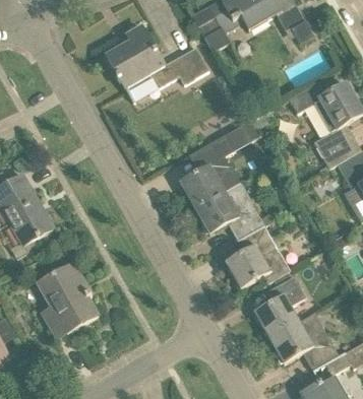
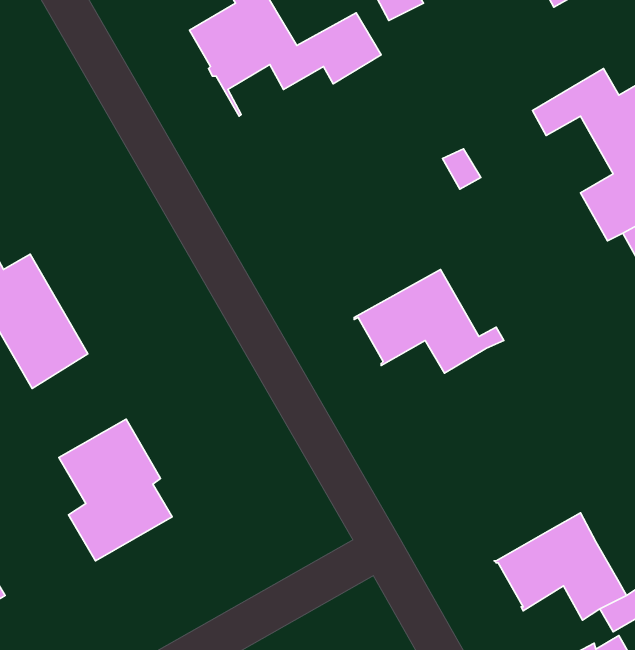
building: [179,132,239,208] -> none
building: [225,224,289,288] -> none
building: [253,275,304,337] -> none

